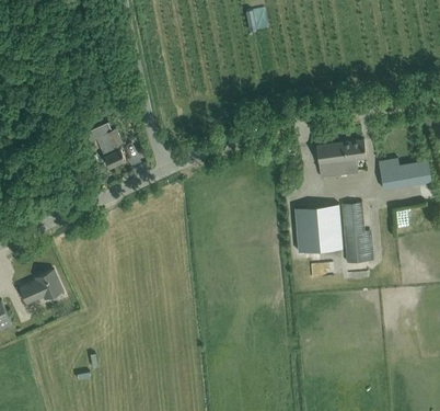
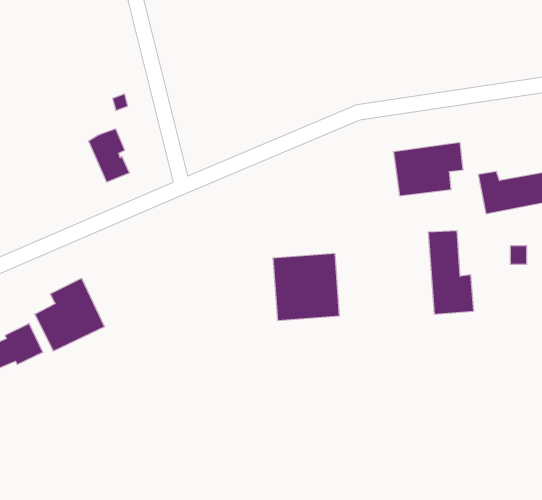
building: [293,204,341,252] -> [273,254,340,320]
building: none -> [35,278,104,351]

